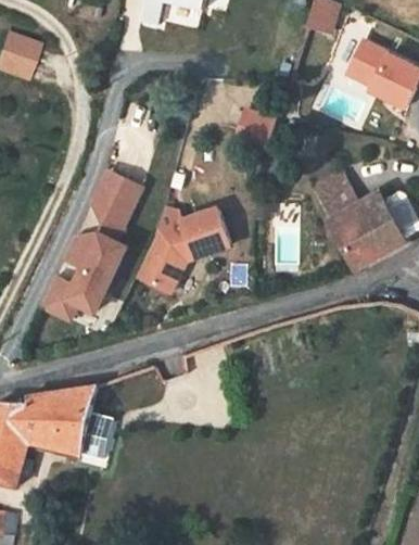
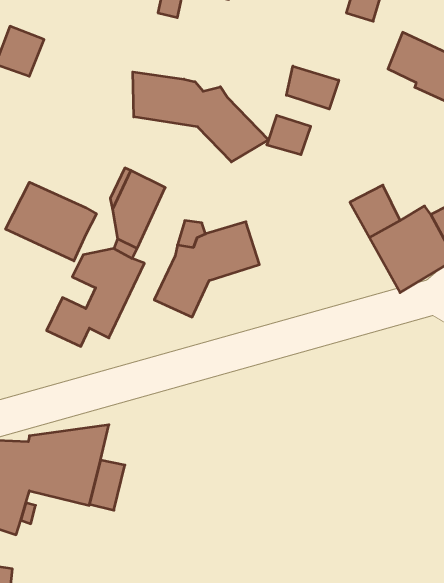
building: none -> [286,66,339,109]
building: none -> [133,72,268,162]
building: none -> [6,182,96,261]

